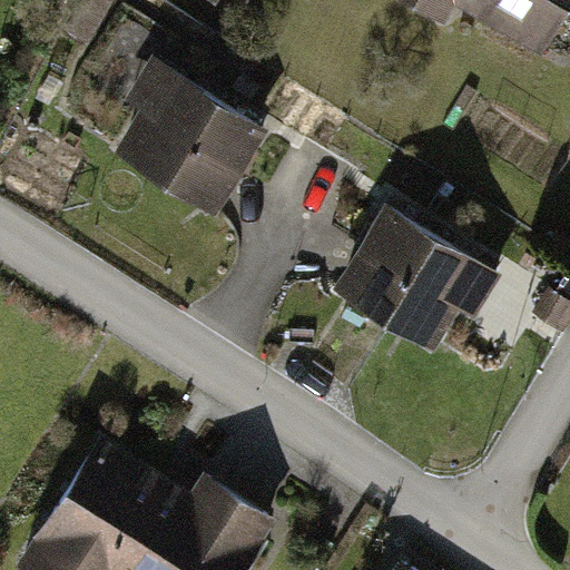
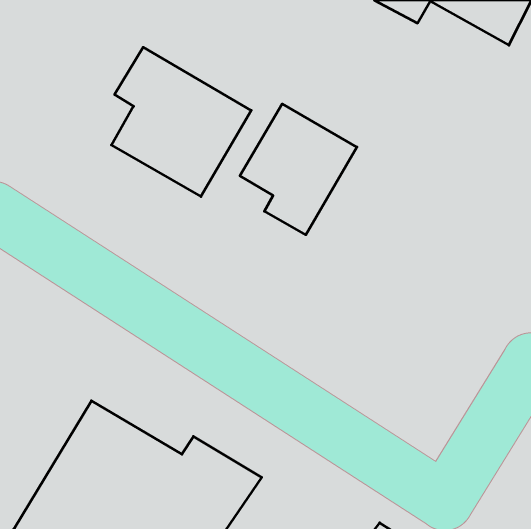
building: none -> [240,104,357,235]
building: [335,208,509,356] -> none

